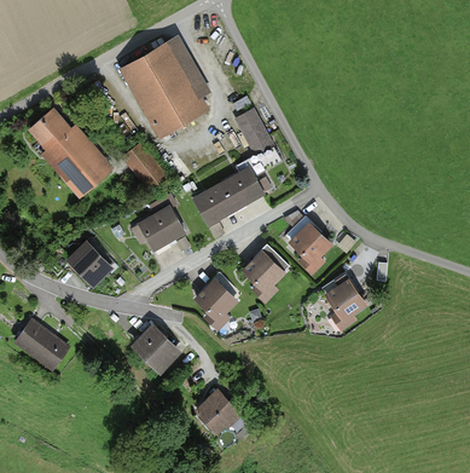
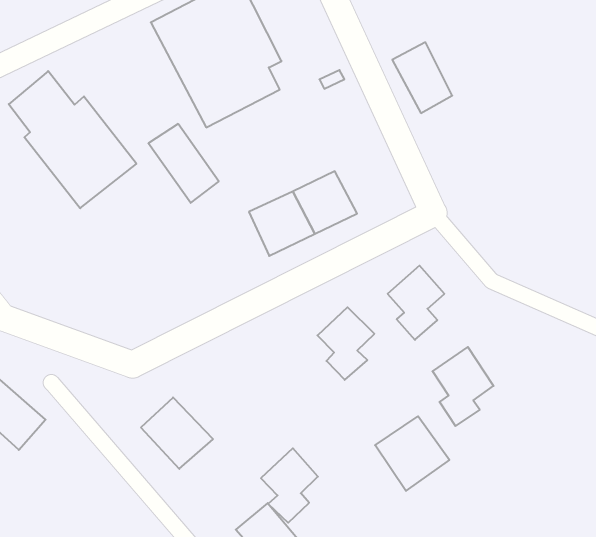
building: [234,109,277,157] -> [392,42,452,113]
building: [138,203,186,249] -> none
building: [65,241,114,289] -> none
building: [197,281,236,331] -> [261,448,318,523]
building: none -> [375,416,449,491]

